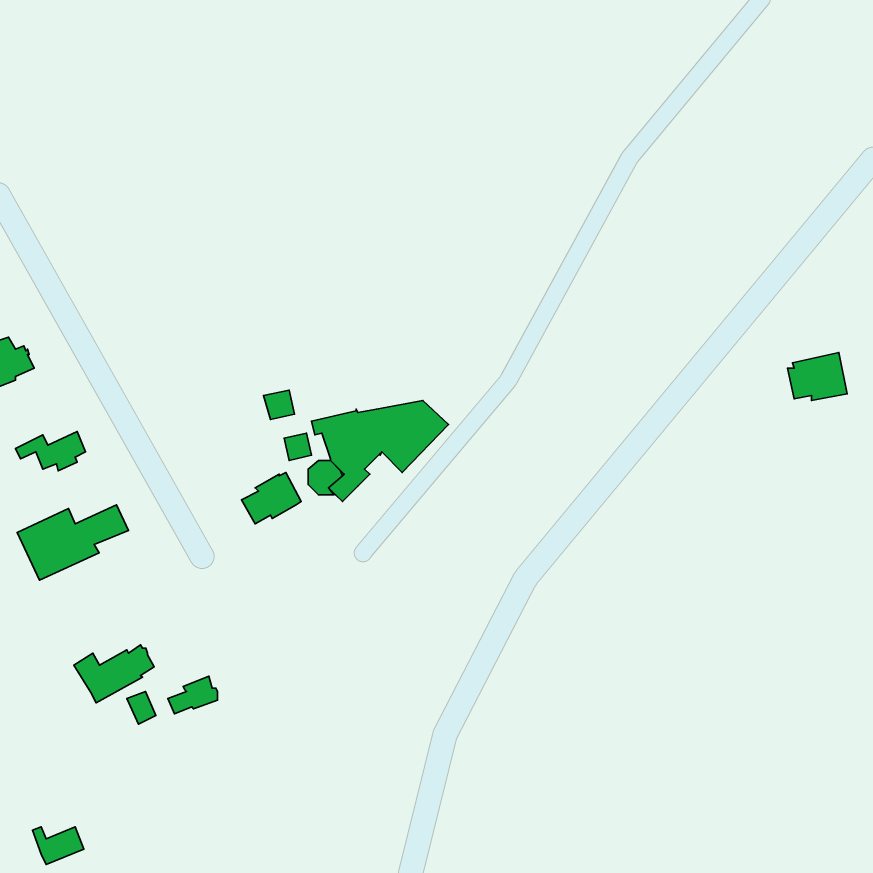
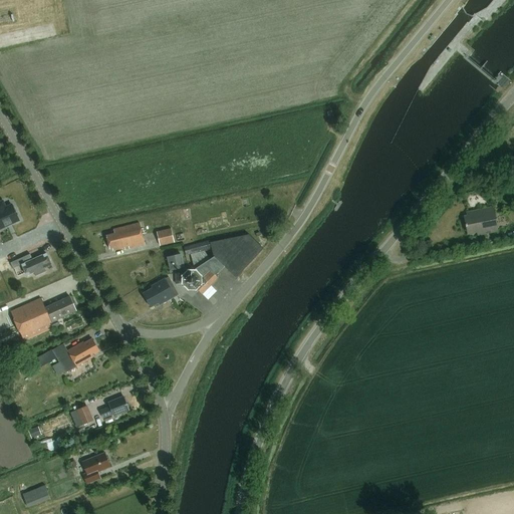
building: none -> [105,223,144,251]
building: [74,645,154,703] -> [51,338,98,372]
building: none -> [80,453,109,484]

